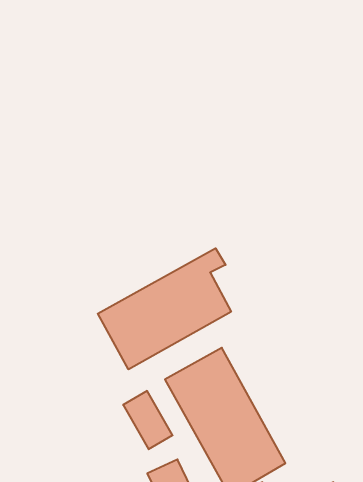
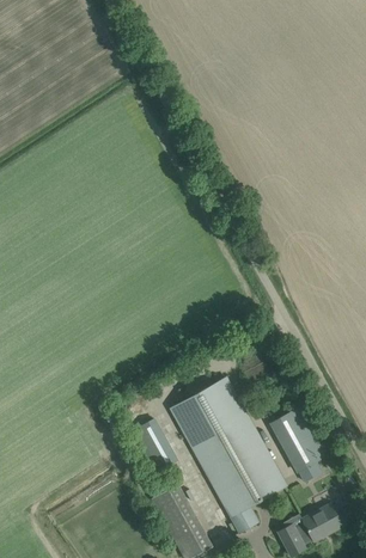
building: [98,248,231,369] -> none
building: none -> [270,407,325,482]

